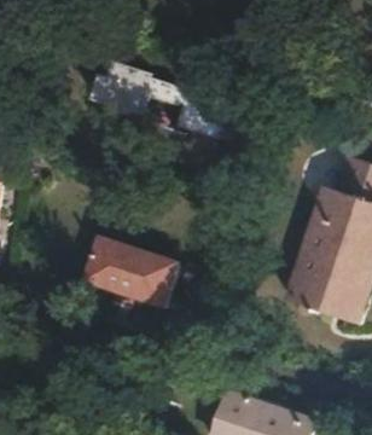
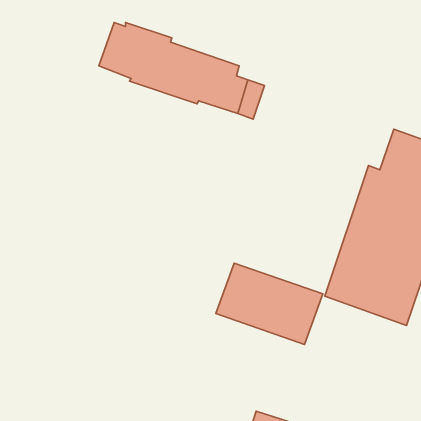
building: [86,234,178,304] -> [216,263,323,345]

